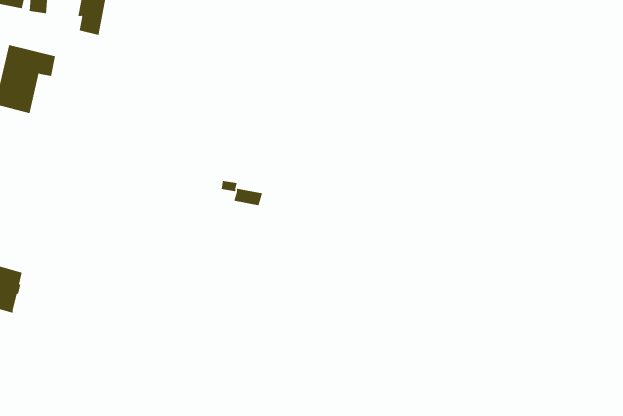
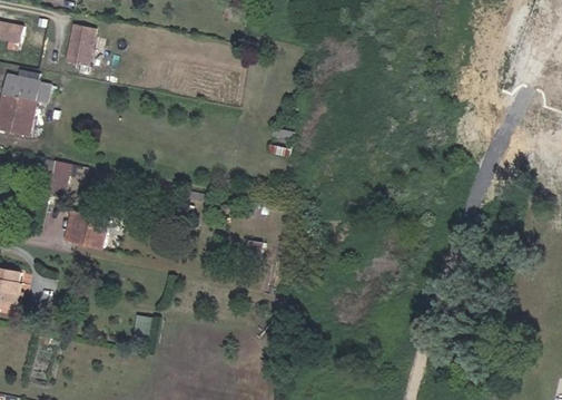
building: none -> [55,160,76,193]
building: none -> [66,212,109,247]

